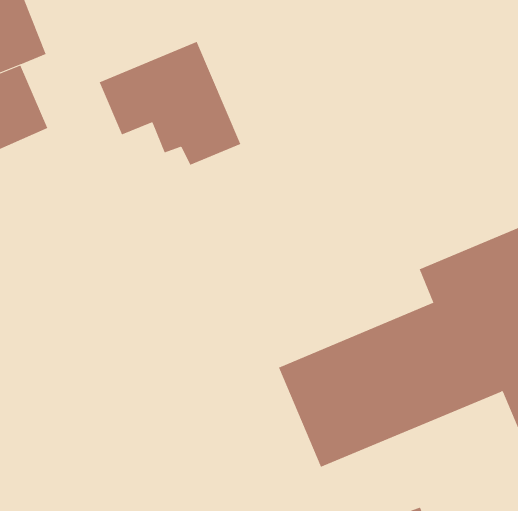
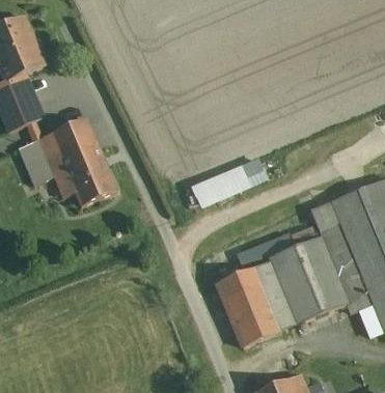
building: [99,41,241,165] -> [21,120,118,205]
building: none -> [191,152,270,205]

